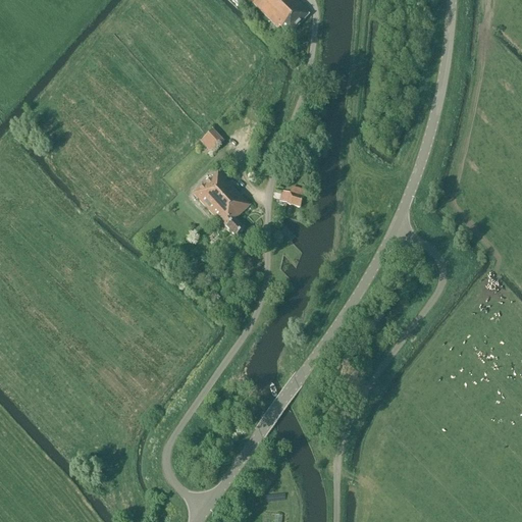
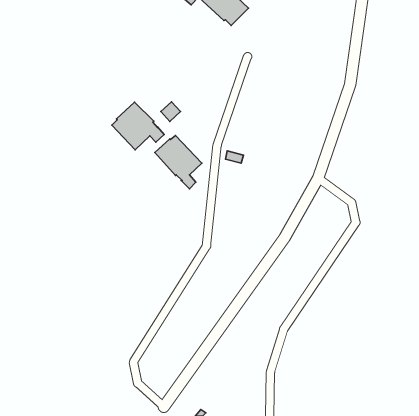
building: none -> [112,102,164,150]

